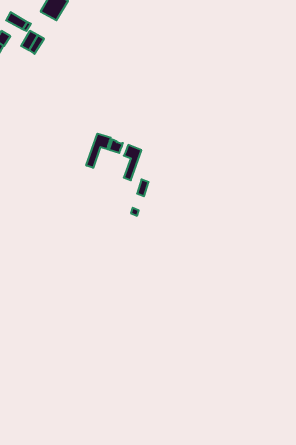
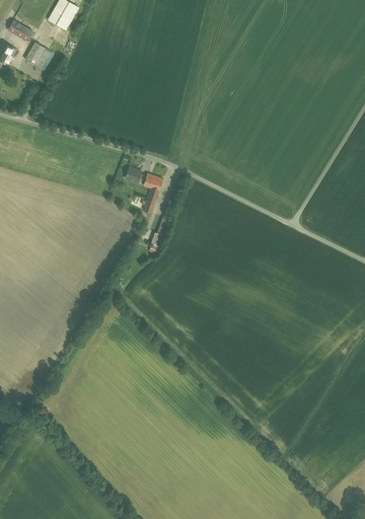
building: [86,134,111,168] -> none

